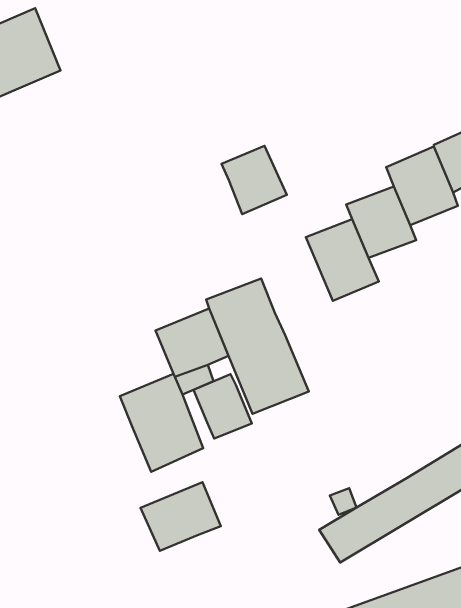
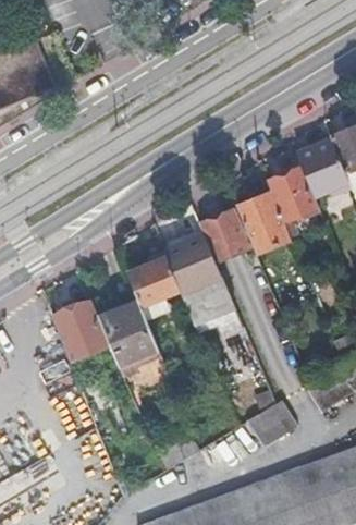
building: [221,146,287,214] -> [199,211,247,261]
building: none -> [52,301,110,361]
building: [194,374,252,438] -> none
building: [141,482,221,551] -> none

